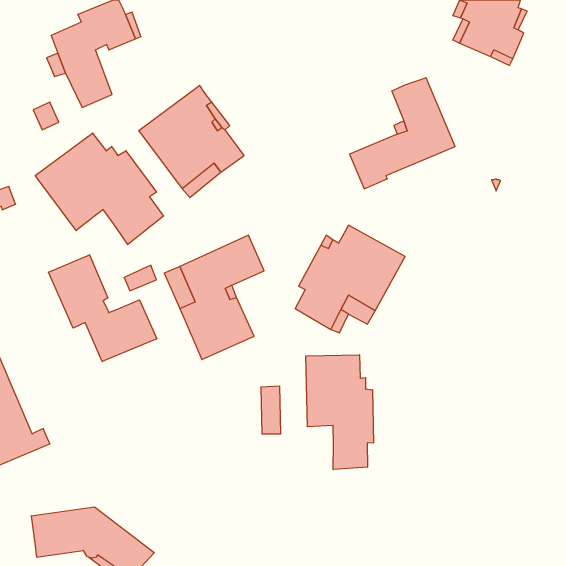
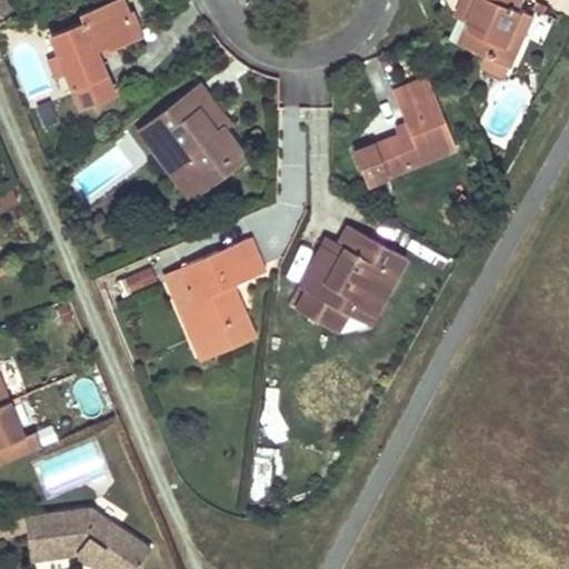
building: [35,133,163,245] -> none
building: [49,255,157,362] -> none
building: [306,355,373,470] -> none

